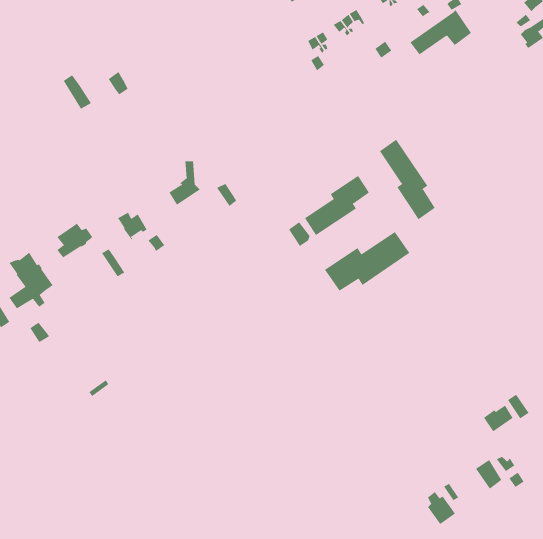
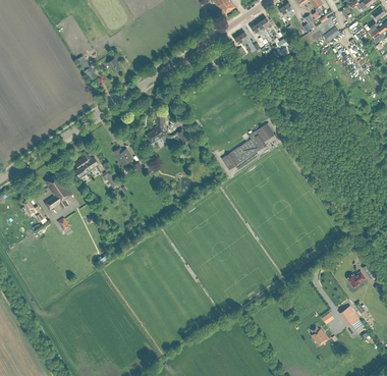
building: [379,139,436,220] -> none
building: [324,231,410,292] -> none

